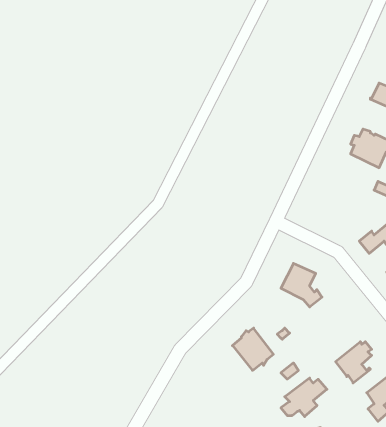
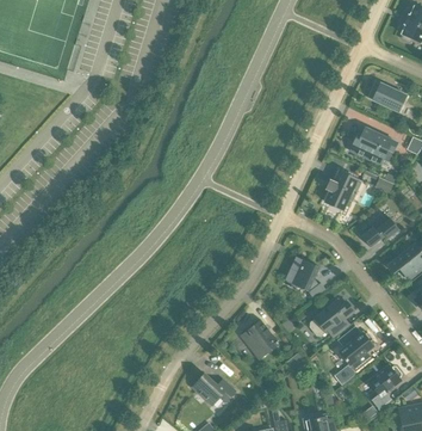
building: none -> [324,171,356,210]
building: [281,378,327,417] -> [310,300,354,337]
building: none -> [192,374,235,405]

